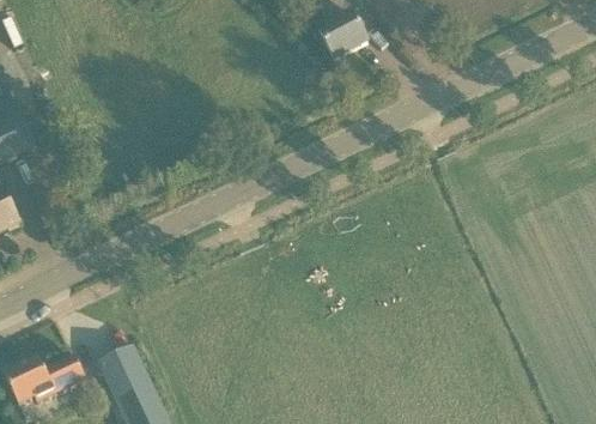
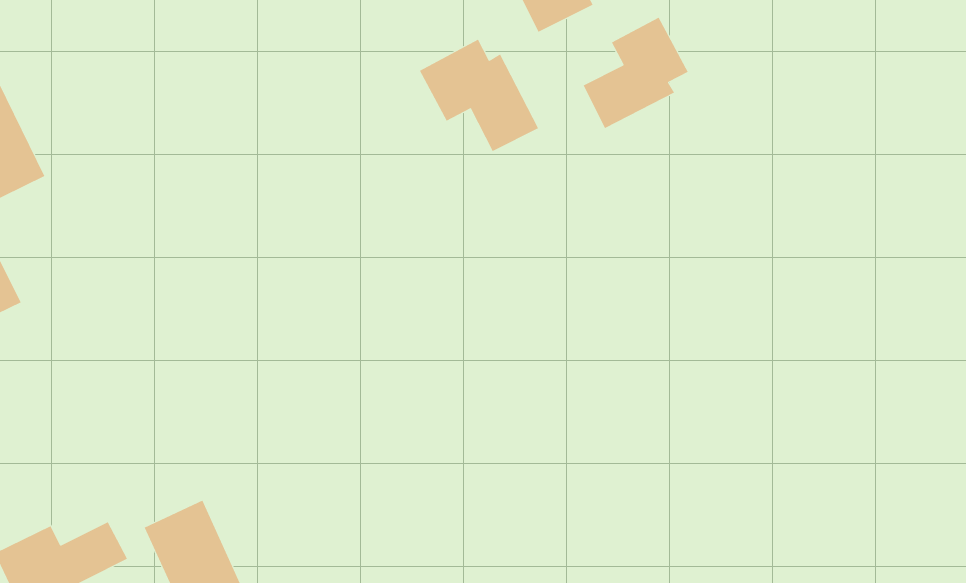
building: none -> [583,17,689,129]
building: none -> [419,39,539,152]

